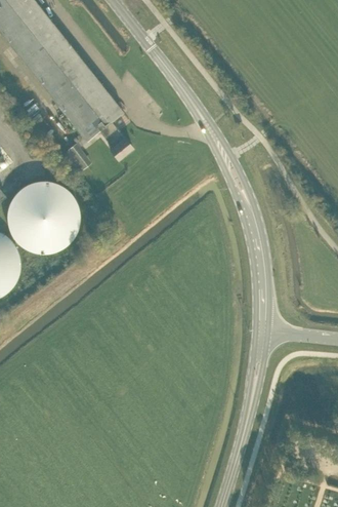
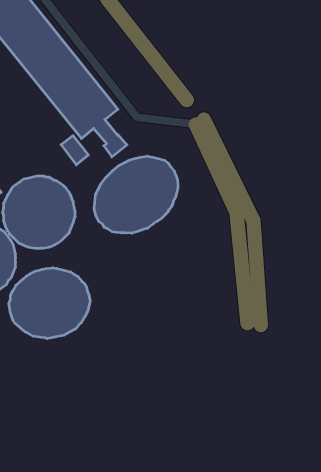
building: none -> [94,156,178,233]
building: none -> [9,268,90,339]

